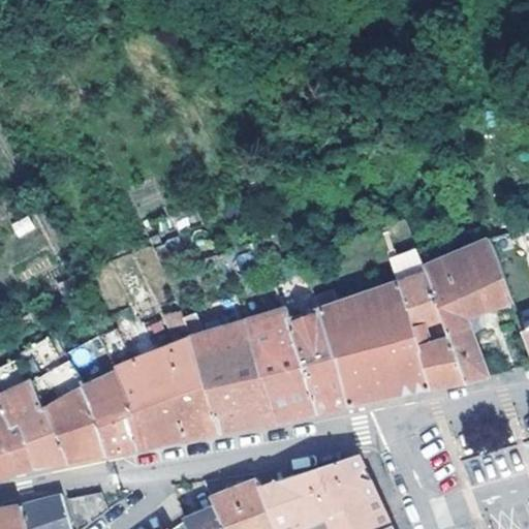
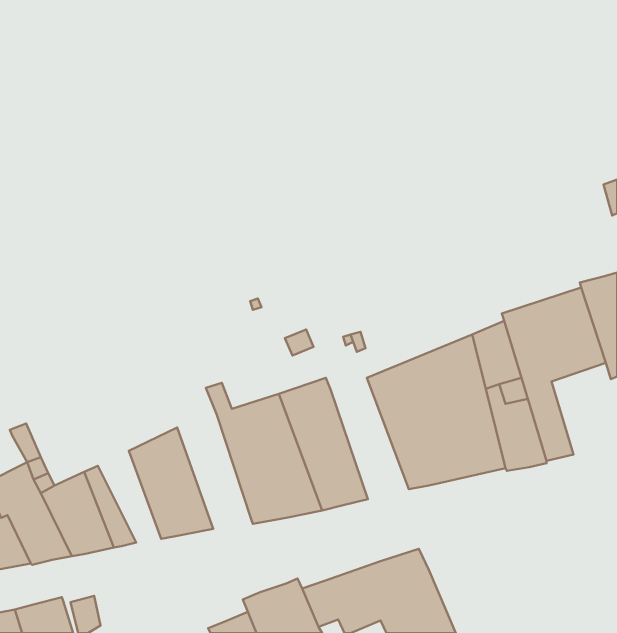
building: [276,315,341,416] -> none
building: [148,346,210,441] -> none
building: [82,376,134,453] -> none

